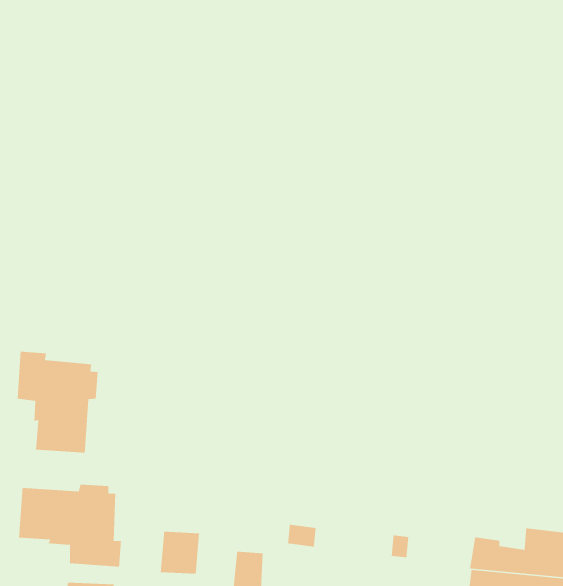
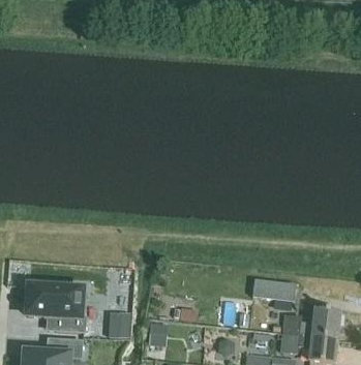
building: [17,351,98,453] -> none
building: none -> [251,278,295,299]

